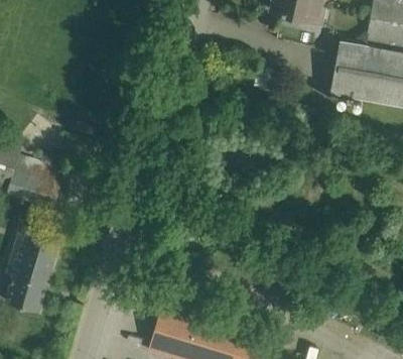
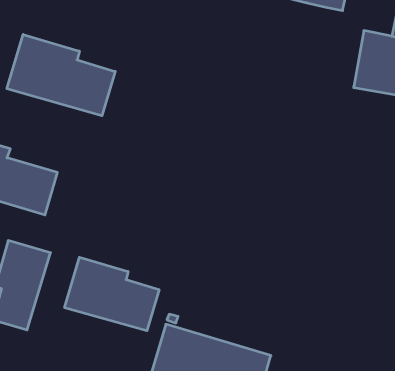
building: none -> [7,34,115,116]
building: none -> [65,257,159,331]

